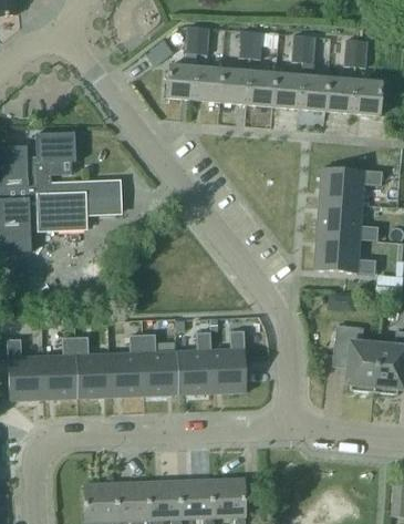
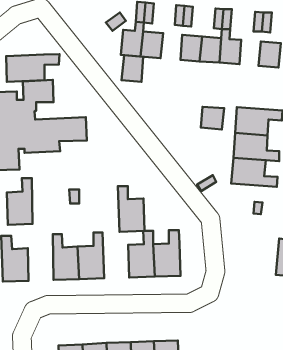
building: [219,69,248,104] -> [122,55,143,82]
building: [324,78,353,112] -> none
building: none -> [6,54,59,82]
building: none -> [201,107,224,129]
building: [332,323,377,391] -> none
building: [142,335,177,395] -> [118,186,144,232]
building: [42,337,76,399] -> [7,178,33,225]

